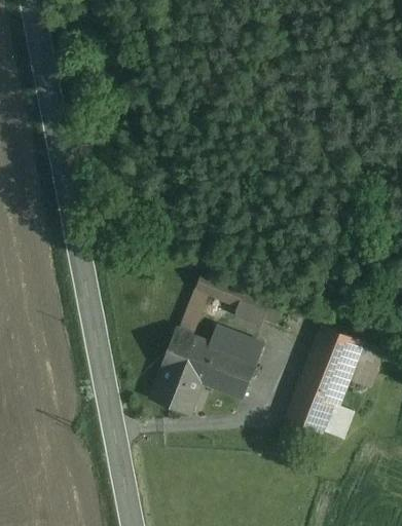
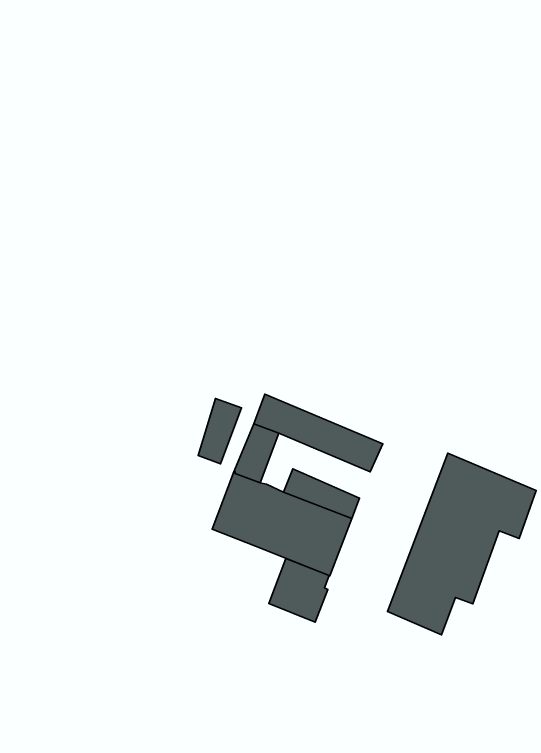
building: none -> [198,398,242,464]
building: [153,368,193,410] -> [269,558,329,622]

